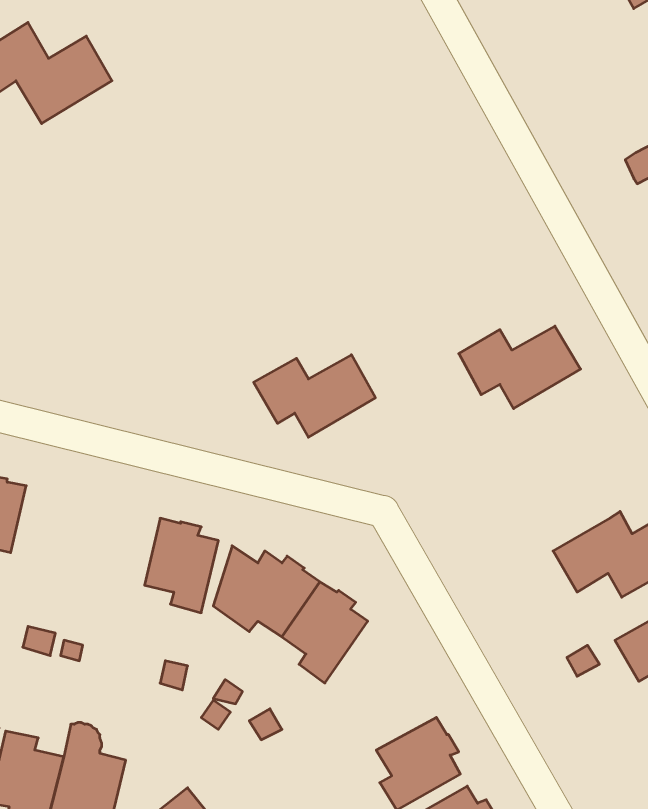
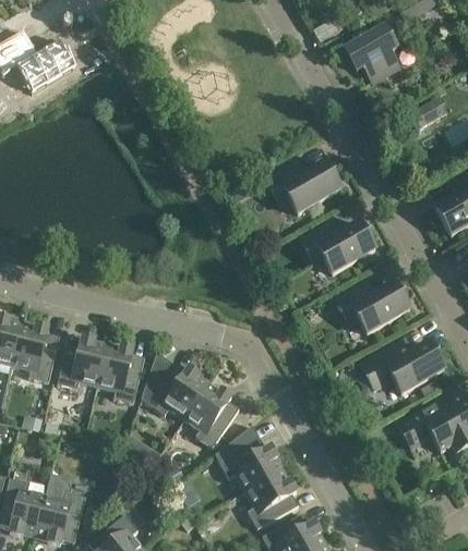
building: none -> [345,25,399,82]
building: [254,355,375,437] -> [263,162,340,215]
building: none -> [334,282,409,334]
building: none -> [13,323,60,383]
building: none -> [58,336,108,390]
building: none -> [216,428,284,491]

